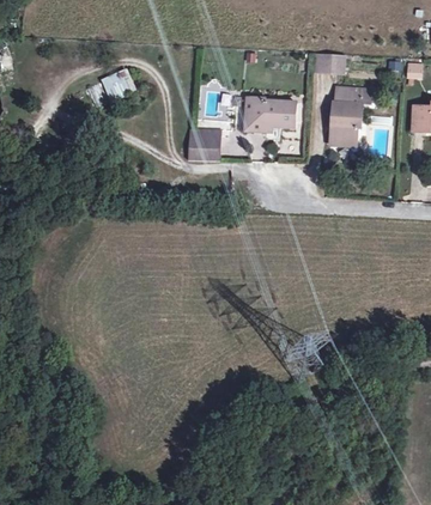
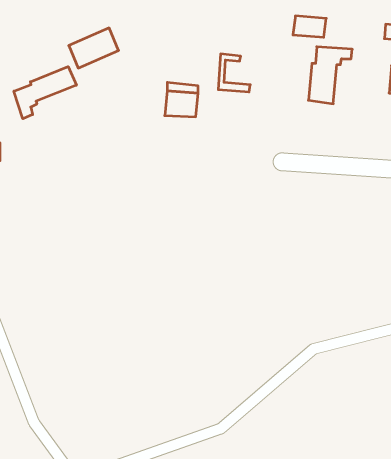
building: [245,99,296,126] -> none
building: none -> [14,67,76,119]

